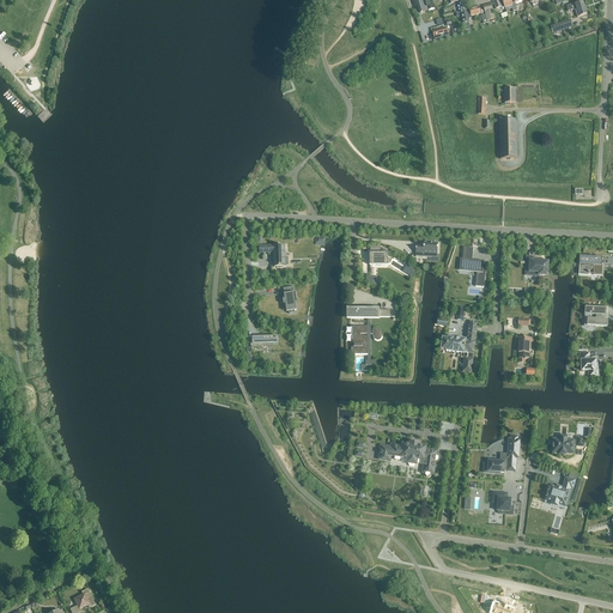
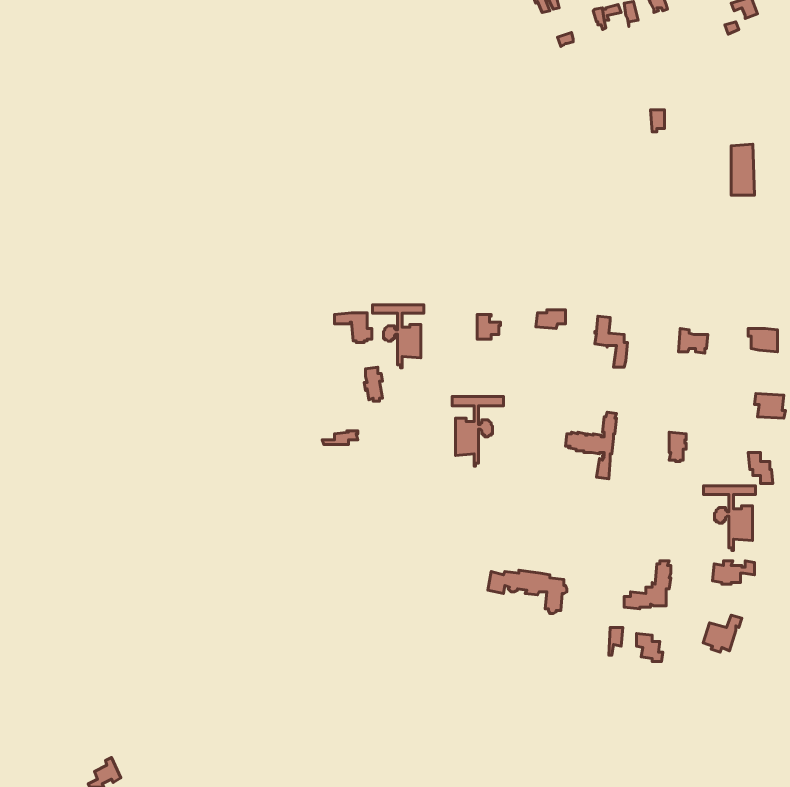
building: [498,116,516,156] -> [731,144,754,195]
building: none -> [372,305,424,368]
building: none -> [704,486,755,551]

